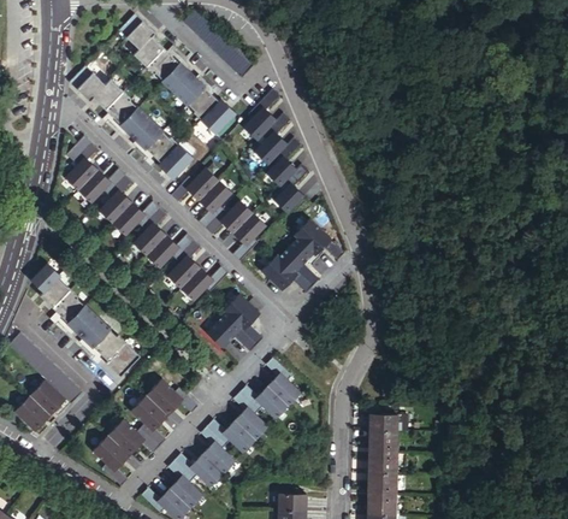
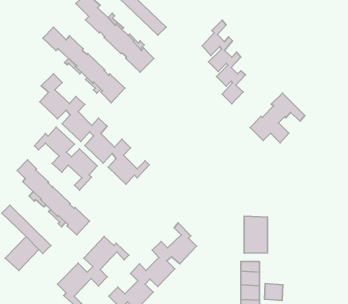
building: [243,89,308,214] -> [202,20,246,104]
building: [172,167,266,261] -> [34,127,97,190]
building: [262,219,344,294] -> [250,93,305,143]
building: [206,295,262,352] -> none
building: none -> [244,216,267,253]
building: none -> [264,284,283,301]

